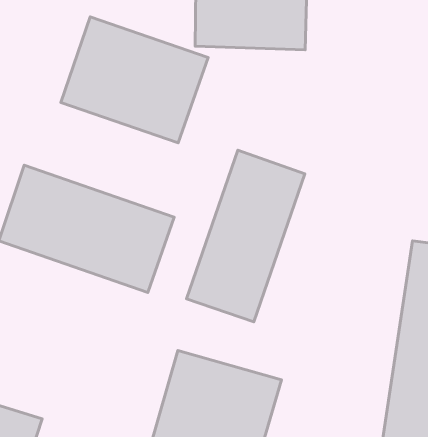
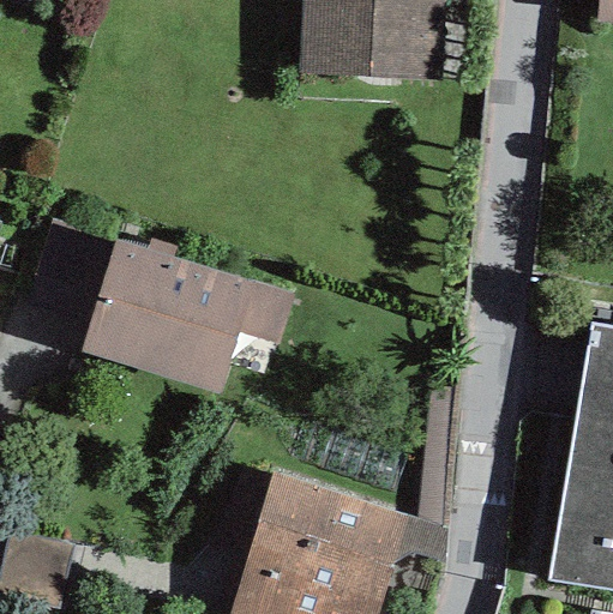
building: [61,17,208,143] -> none
building: [186,150,305,322] -> none

